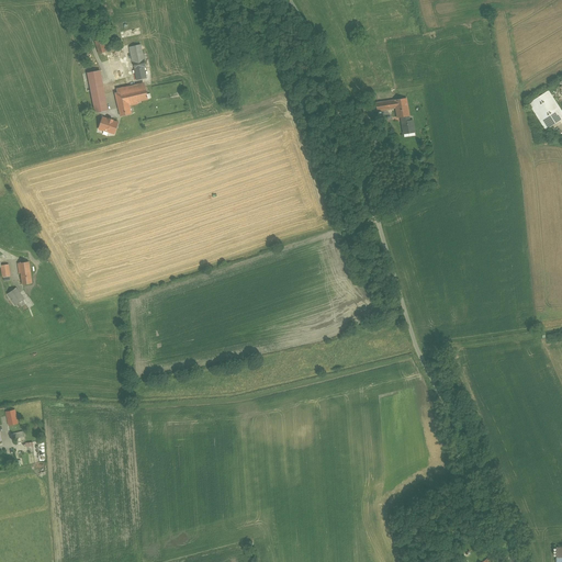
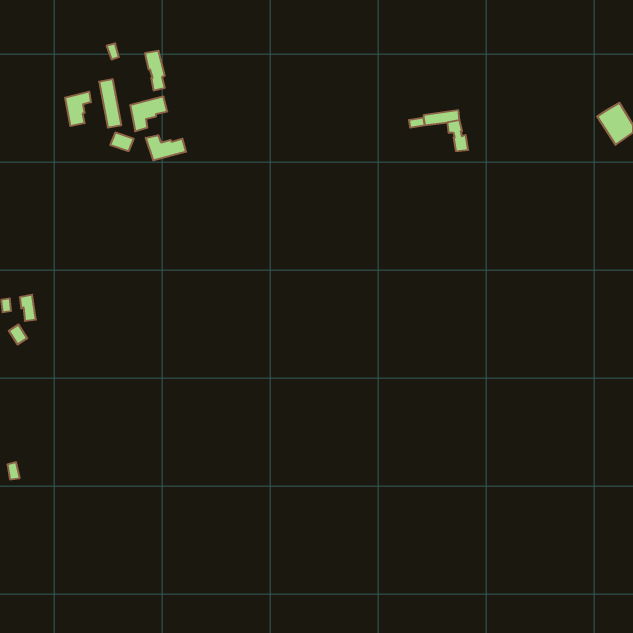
building: none -> [65,92,91,126]
building: none -> [146,135,186,160]

